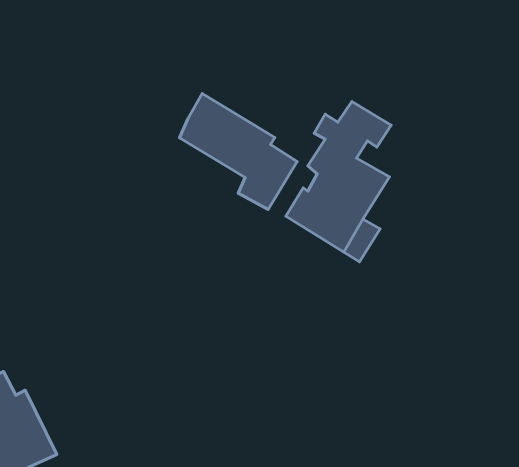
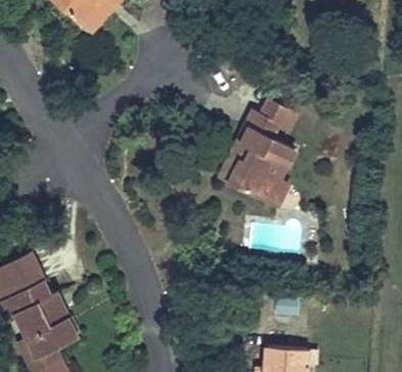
building: [180,93,297,210] -> none

